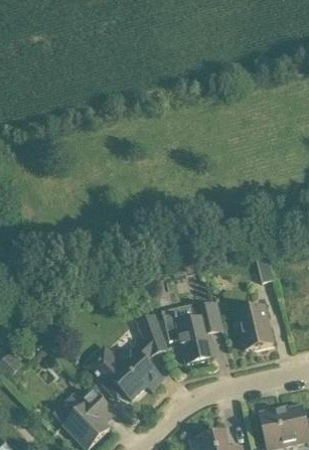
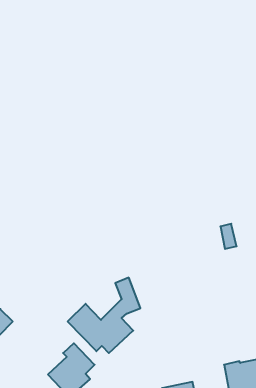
building: [163,302,222,362] -> none
building: [236,303,273,348] -> none

